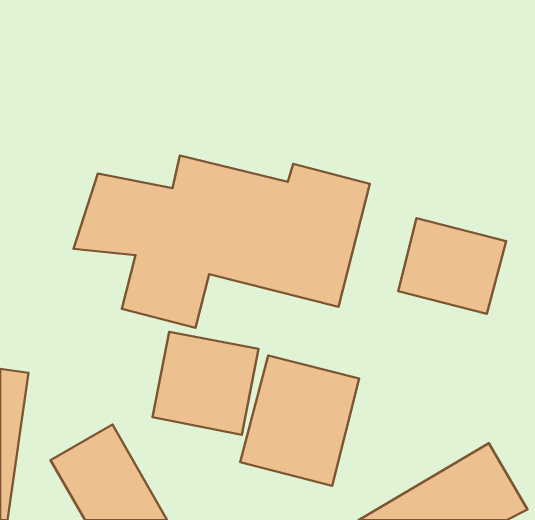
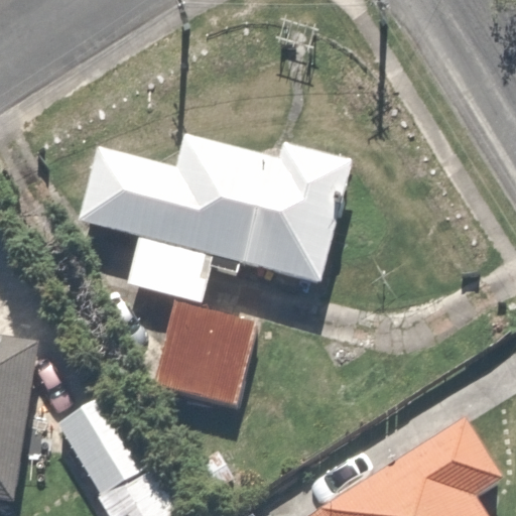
building: [398,218,506,314] -> none
building: [240,356,359,486] -> none

